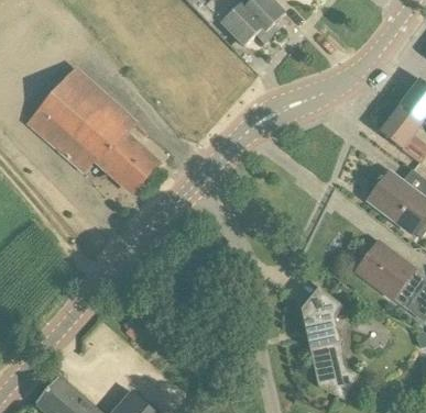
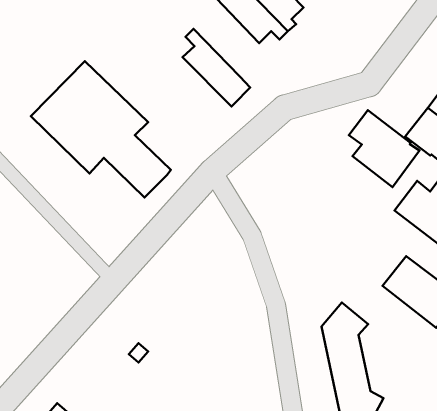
building: none -> [183,29,250,106]
building: none -> [349,110,420,187]

